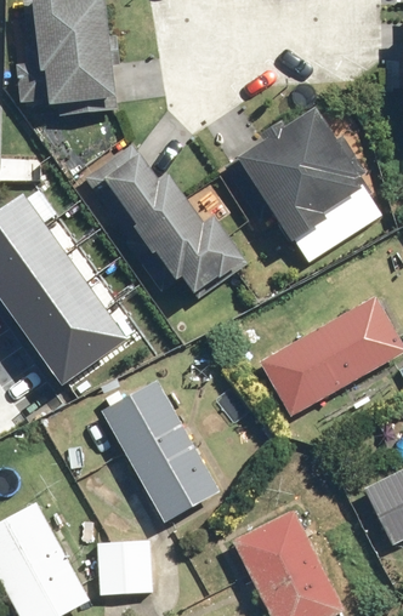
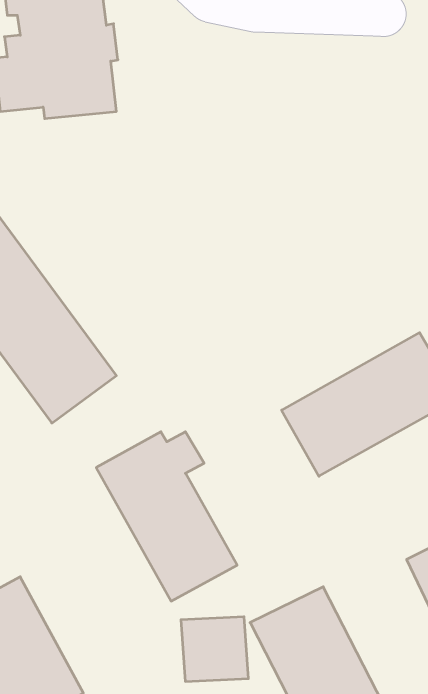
building: [225,104,364,239] -> none
building: [85,144,249,297] -> none
building: [96,541,153,595] -> [181,617,248,681]

